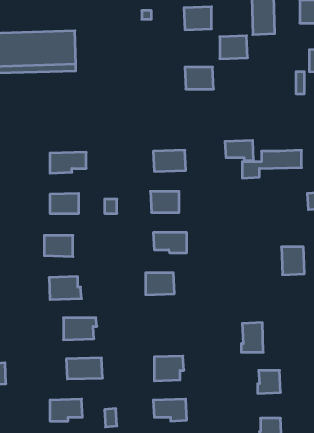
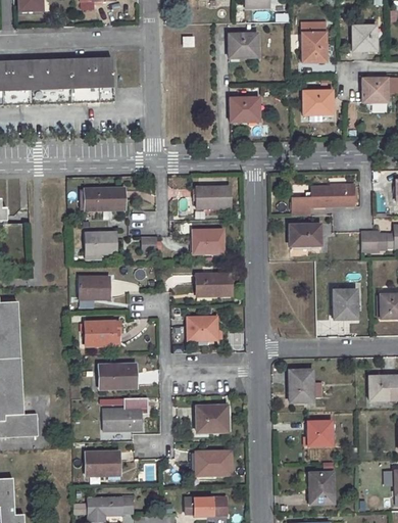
building: [220,36,248,59] -> [303,89,333,113]
building: [225,140,254,160] -> [290,224,320,245]

